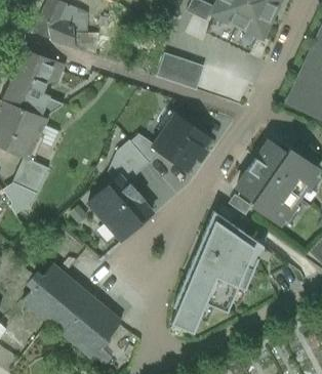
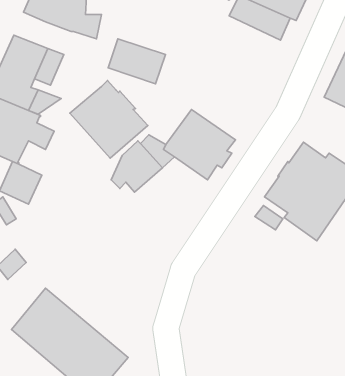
building: [156,52,204,90] -> [108,39,165,84]
building: [87,174,153,240] -> [70,80,148,158]
building: [170,211,258,332] -> none

